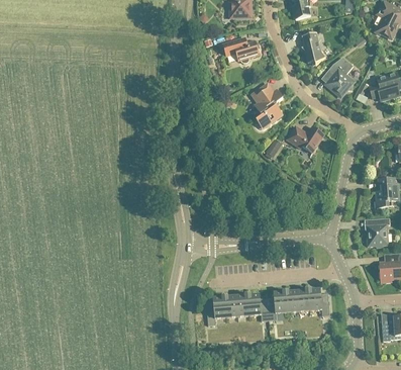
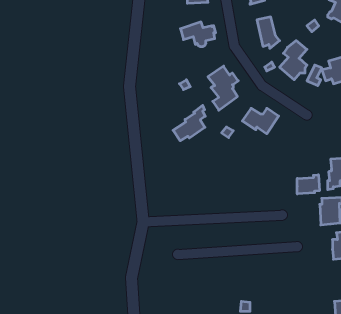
building: none -> [173,105,205,141]
building: none -> [297,175,319,194]
building: [206,287,329,325] -> none

